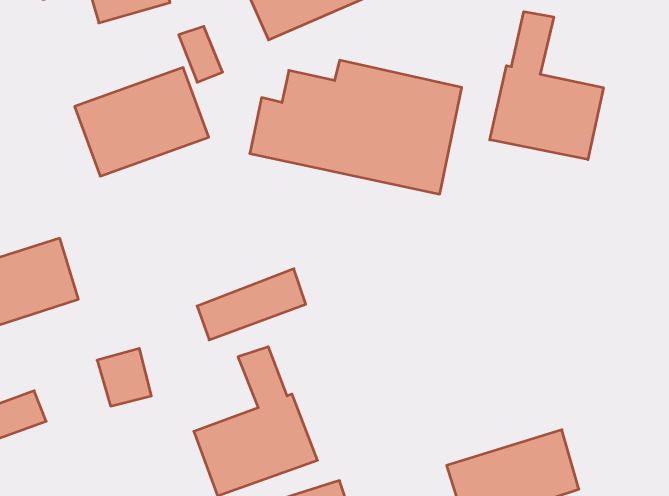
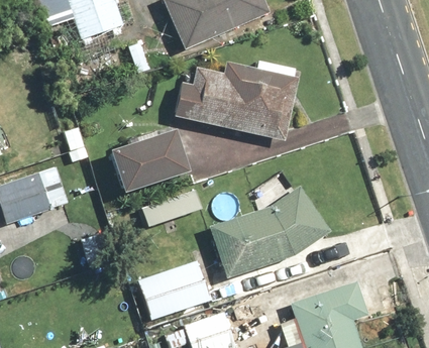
building: [490,12,603,160] -> none
building: [75,68,209,176] -> [104,130,184,195]
building: none -> [207,186,330,279]

